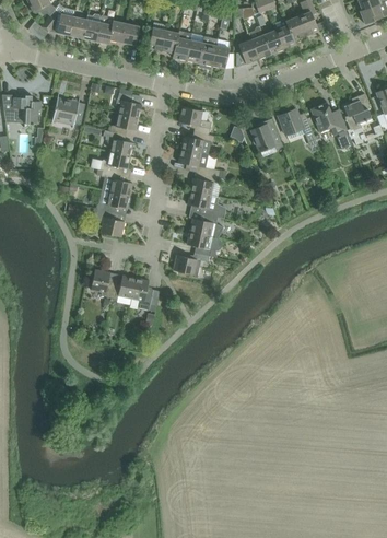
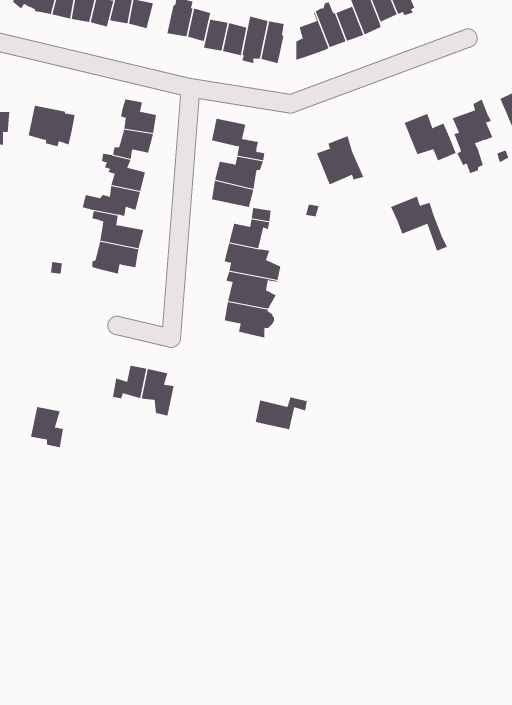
building: [278,108,317,147] -> [390,196,448,252]
building: [95,209,124,237] -> none
building: [173,253,215,276] -> [255,397,317,430]
building: [90,269,113,297] -> [30,406,64,448]

